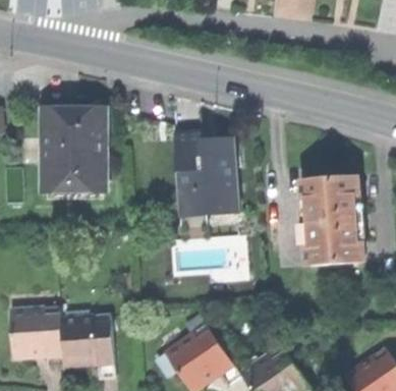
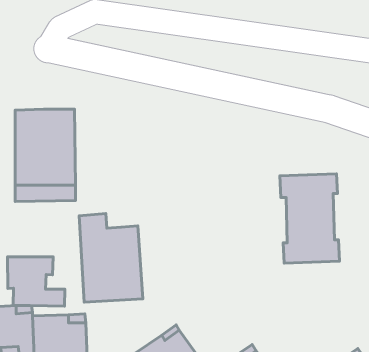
building: [176,126,239,214] -> [79,214,143,302]
building: none -> [7,257,65,306]

